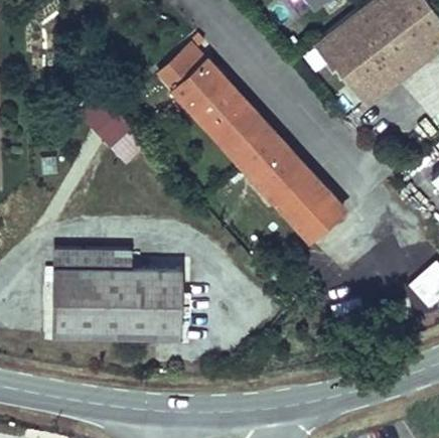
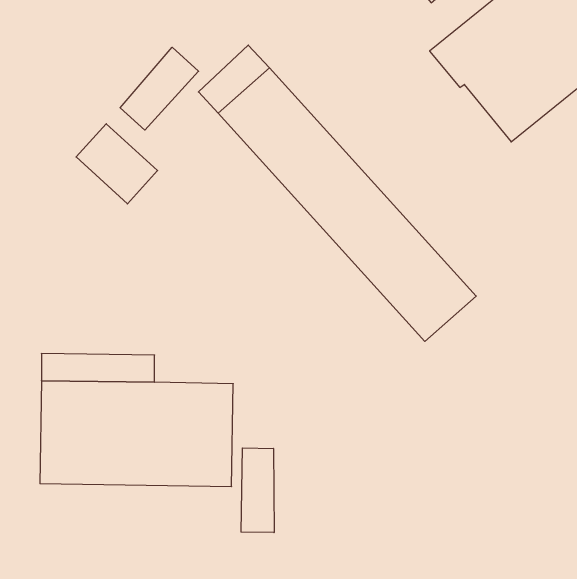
building: none -> [120,47,199,130]
building: none -> [241,448,274,533]

